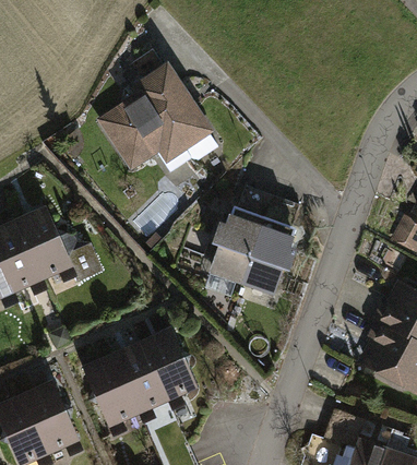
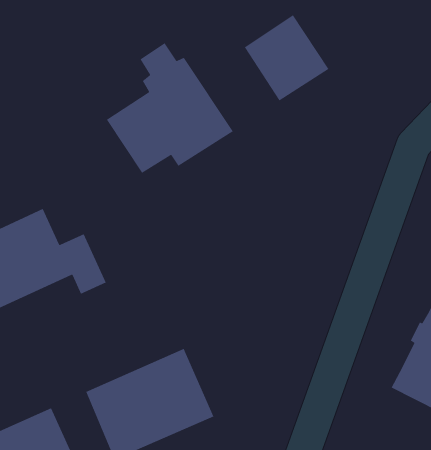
building: none -> [244,14,330,102]
building: [208,189,300,294] -> none

